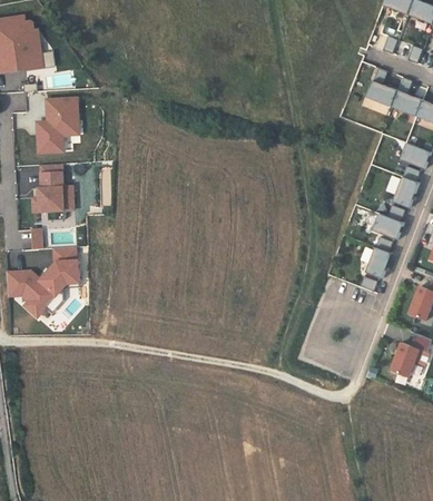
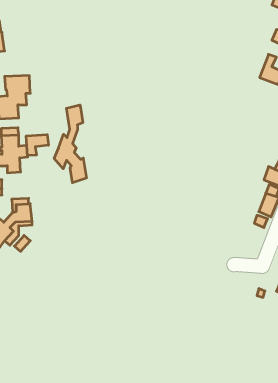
building: none -> [54,105,86,183]
building: none -> [26,135,48,155]

